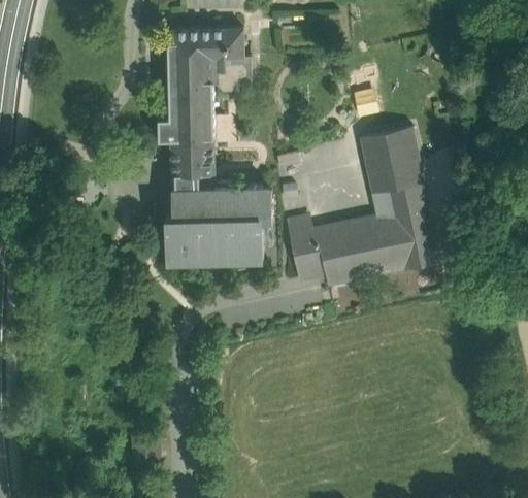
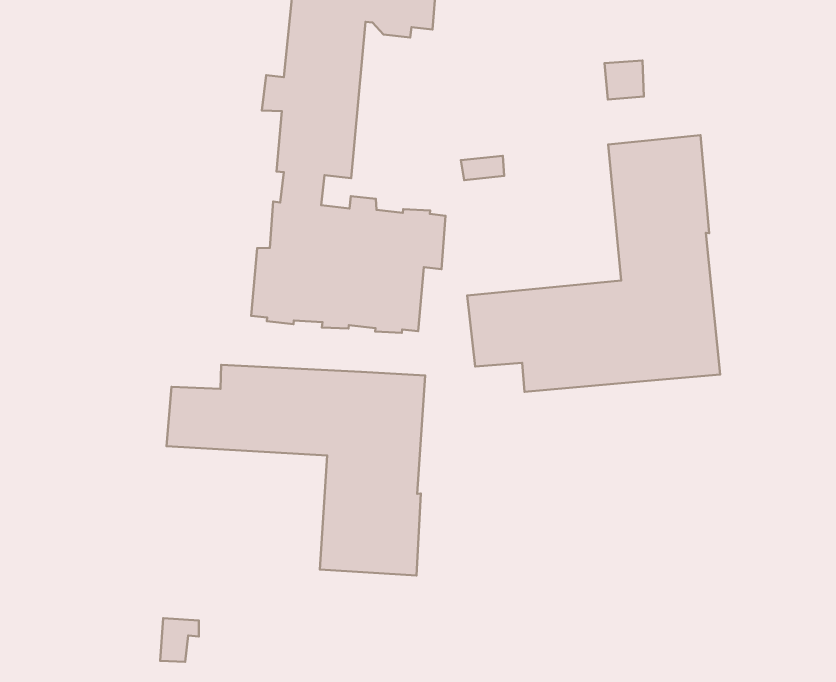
building: none -> [166,365,425,576]

